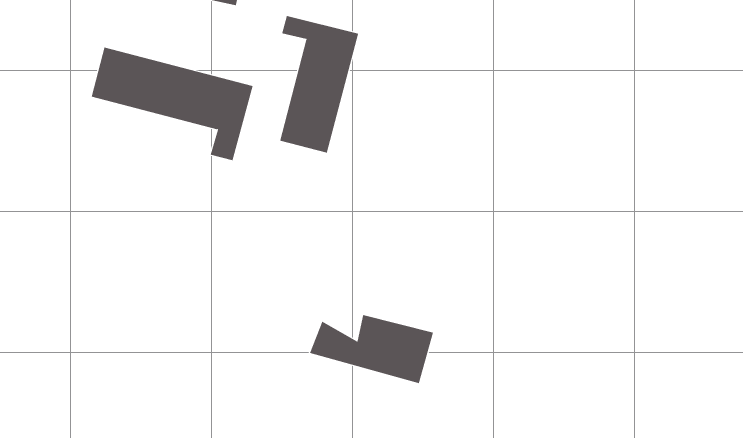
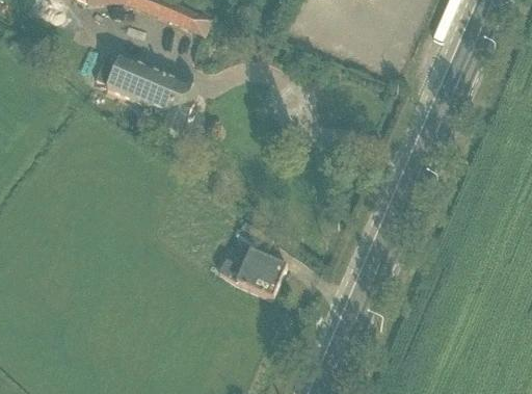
building: [279,15,359,154] -> none

